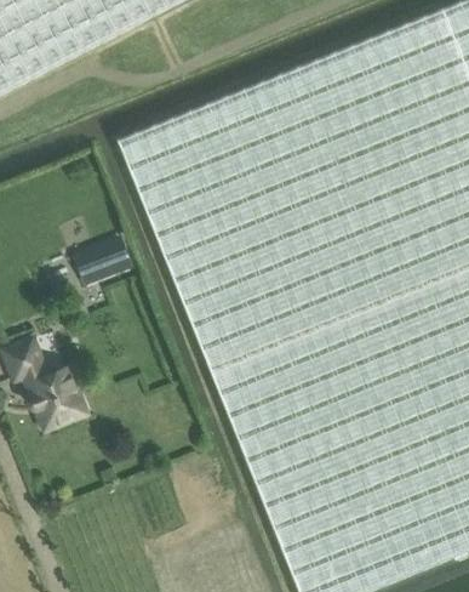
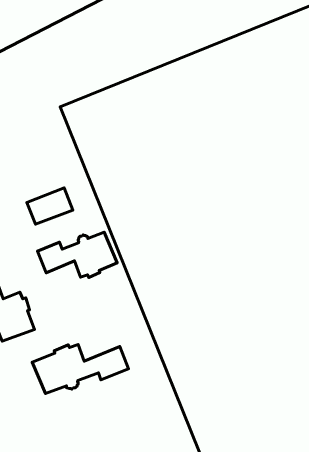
building: none -> [37,232,117,277]
building: none -> [32,344,129,394]

